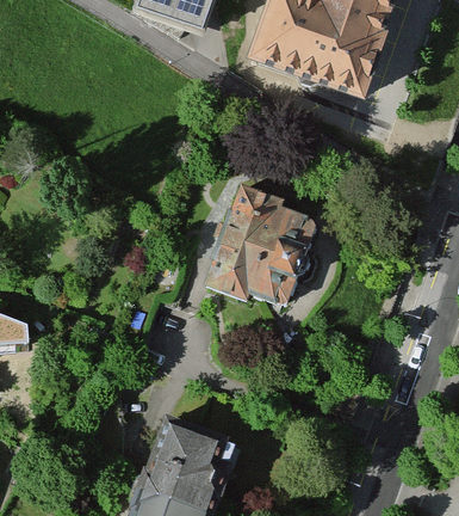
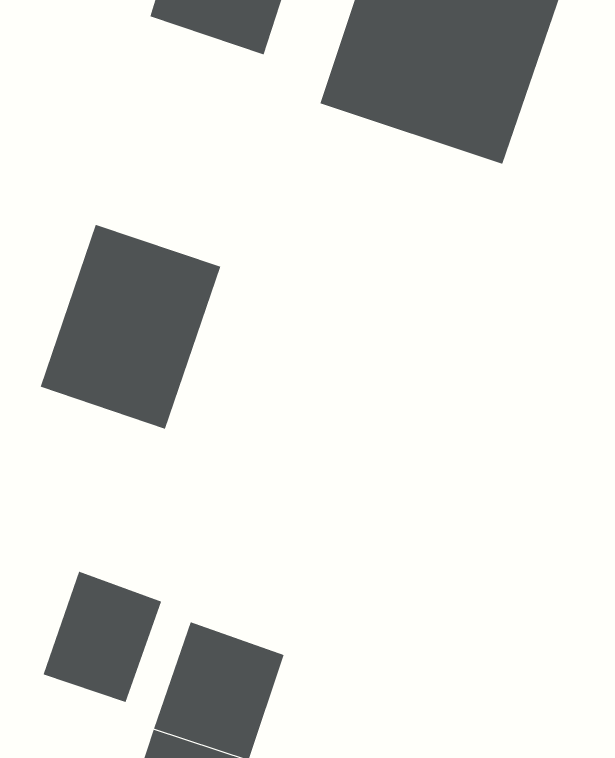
building: [204,186,321,319] -> [40,224,221,430]
building: none -> [43,571,162,703]

